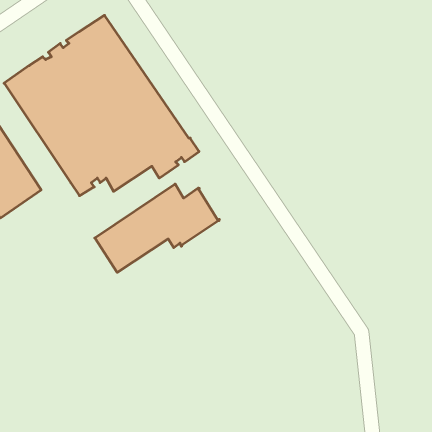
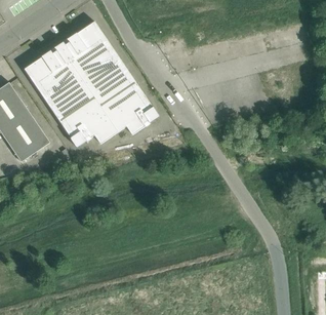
building: [95,184,219,272] -> none

